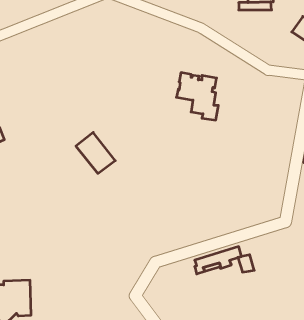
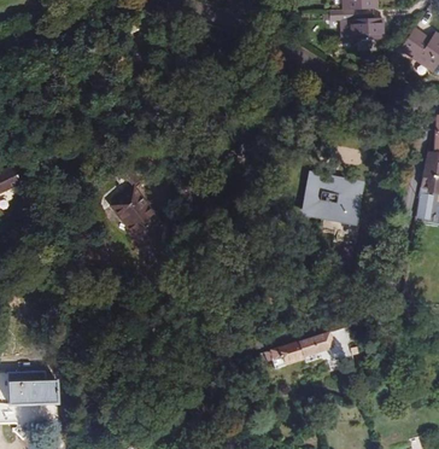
building: none -> [349,18,382,37]
building: [176,73,218,120] -> [310,177,365,240]

